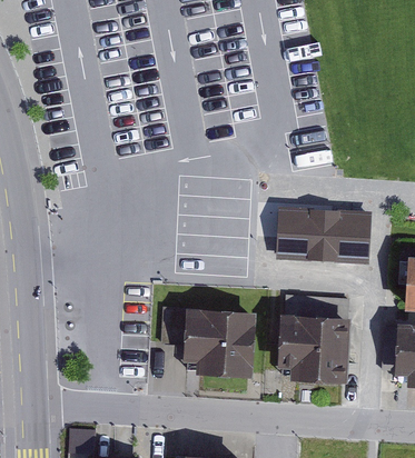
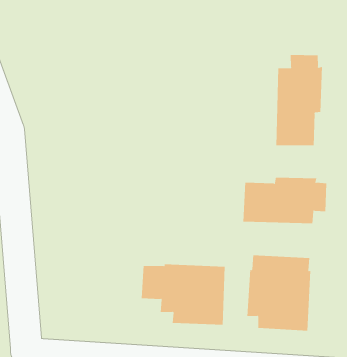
building: none -> [276,54,322,146]

